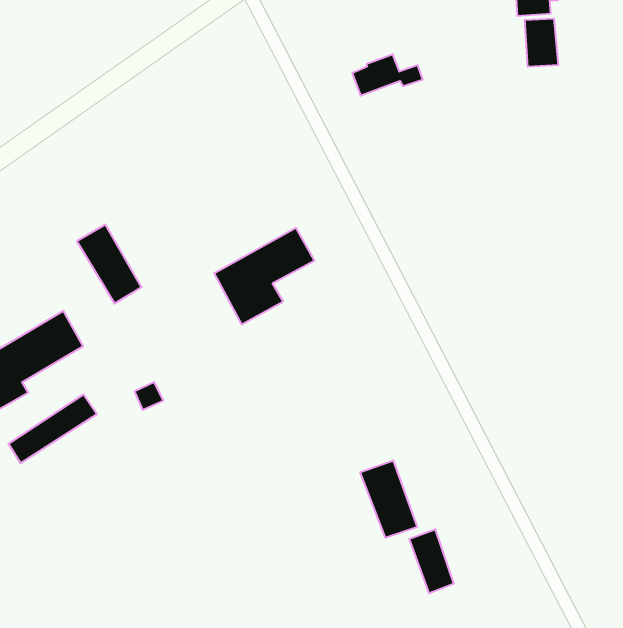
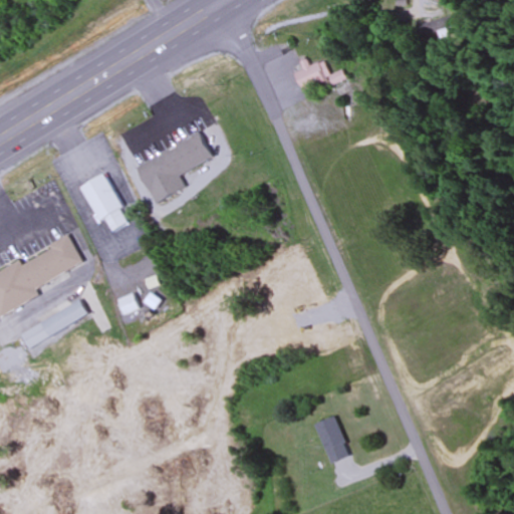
building: [525,18,558,67] -> none
building: [214,228,314,324] -> [136,134,211,203]
building: [360,460,417,538] -> none

